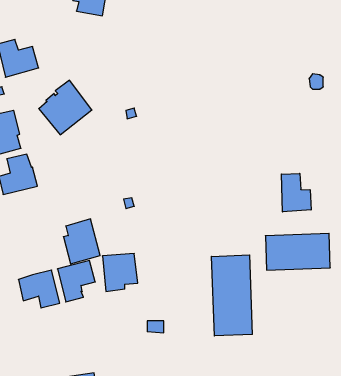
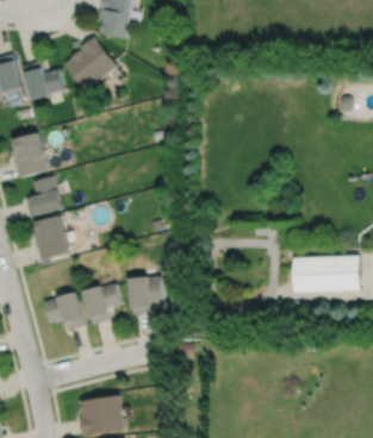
building: [39,80,92,135] -> [62,35,116,89]
building: [281,173,311,212] -> none
building: [63,219,100,264] -> [32,214,69,259]
building: [211,255,252,336] -> none

